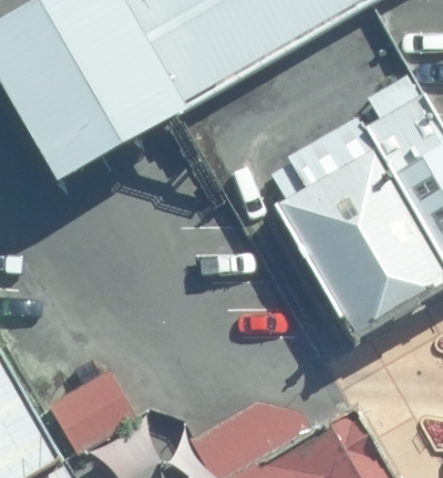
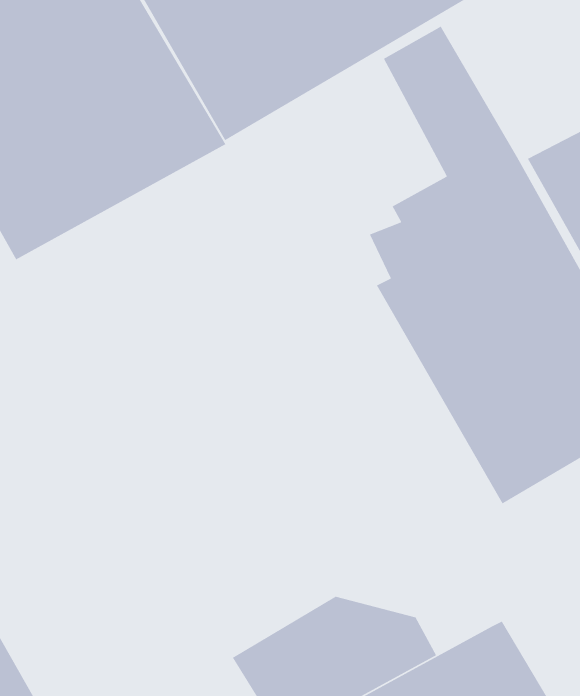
building: [42,372,135,456] -> none

